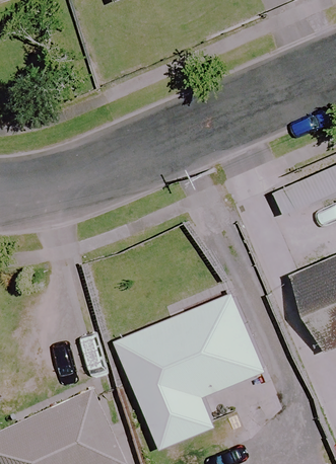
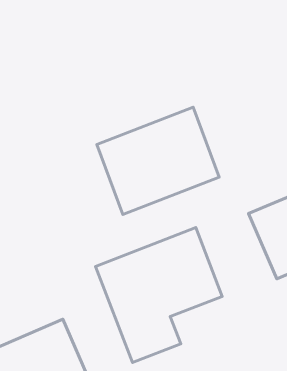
building: none -> [97,107,219,214]

